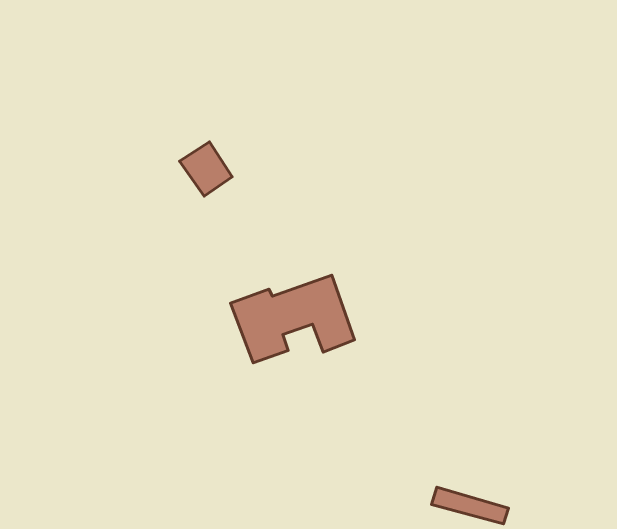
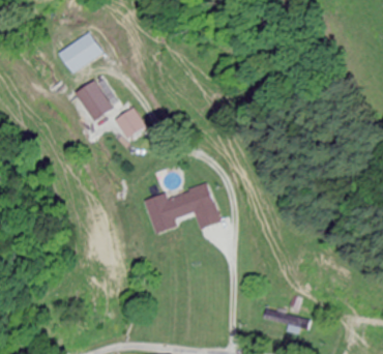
building: none -> [57,32,100,73]
building: none -> [76,79,113,120]

